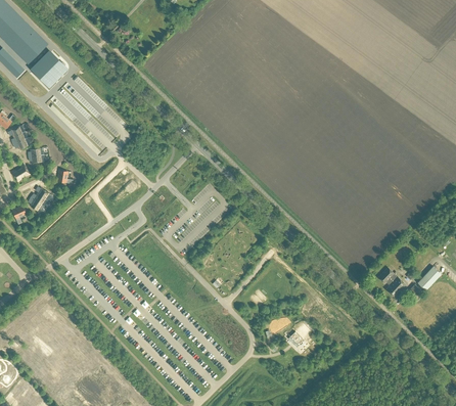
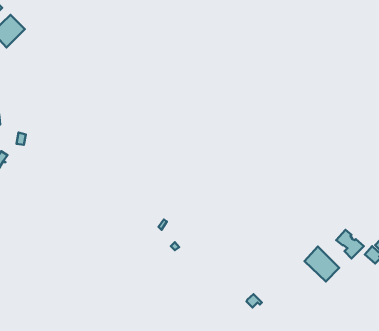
building: none -> [305,246,339,281]

